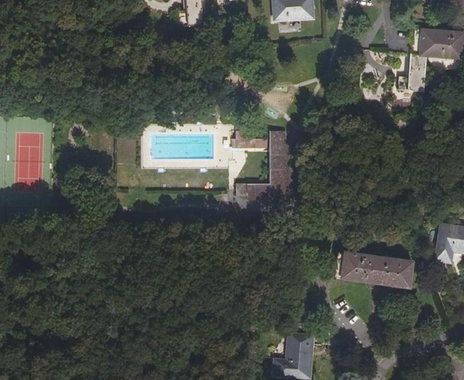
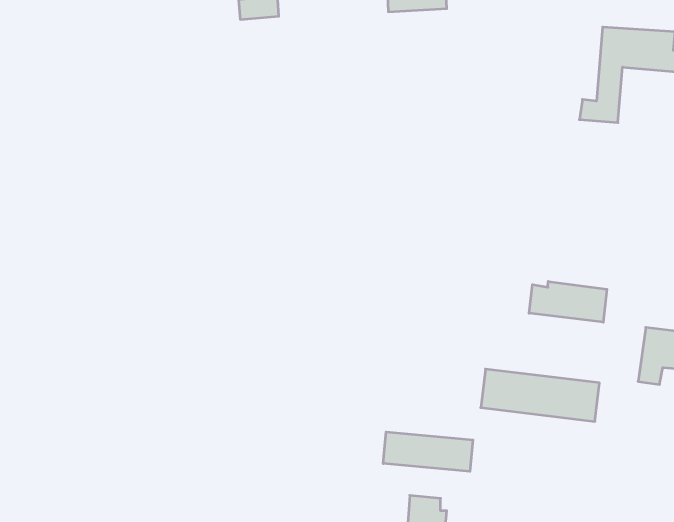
building: [233,130,286,199] -> none
building: none -> [529,281,607,322]
building: none -> [383,432,473,471]

